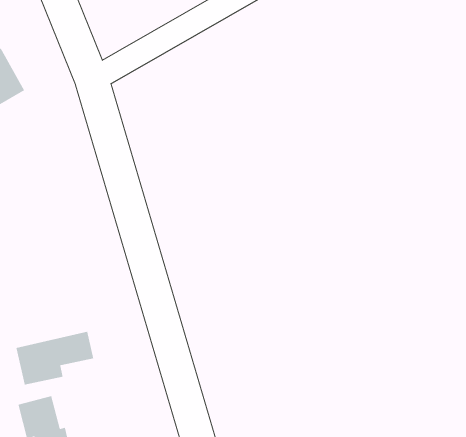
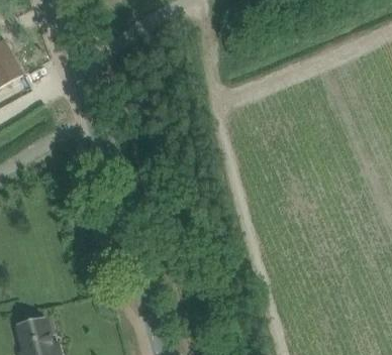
building: [16,331,94,385] -> none

